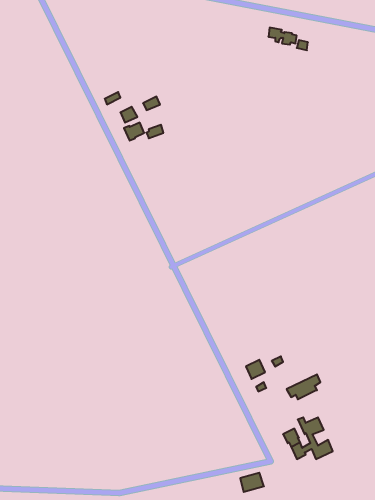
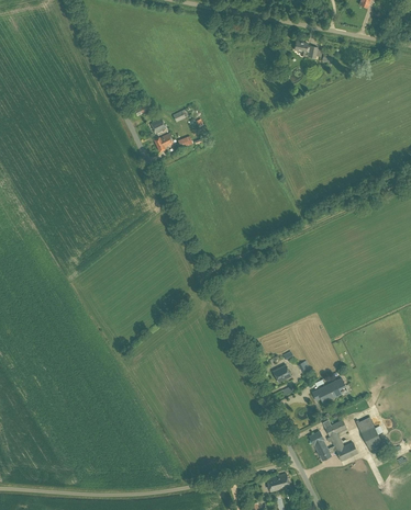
building: none -> [355,416,382,452]

